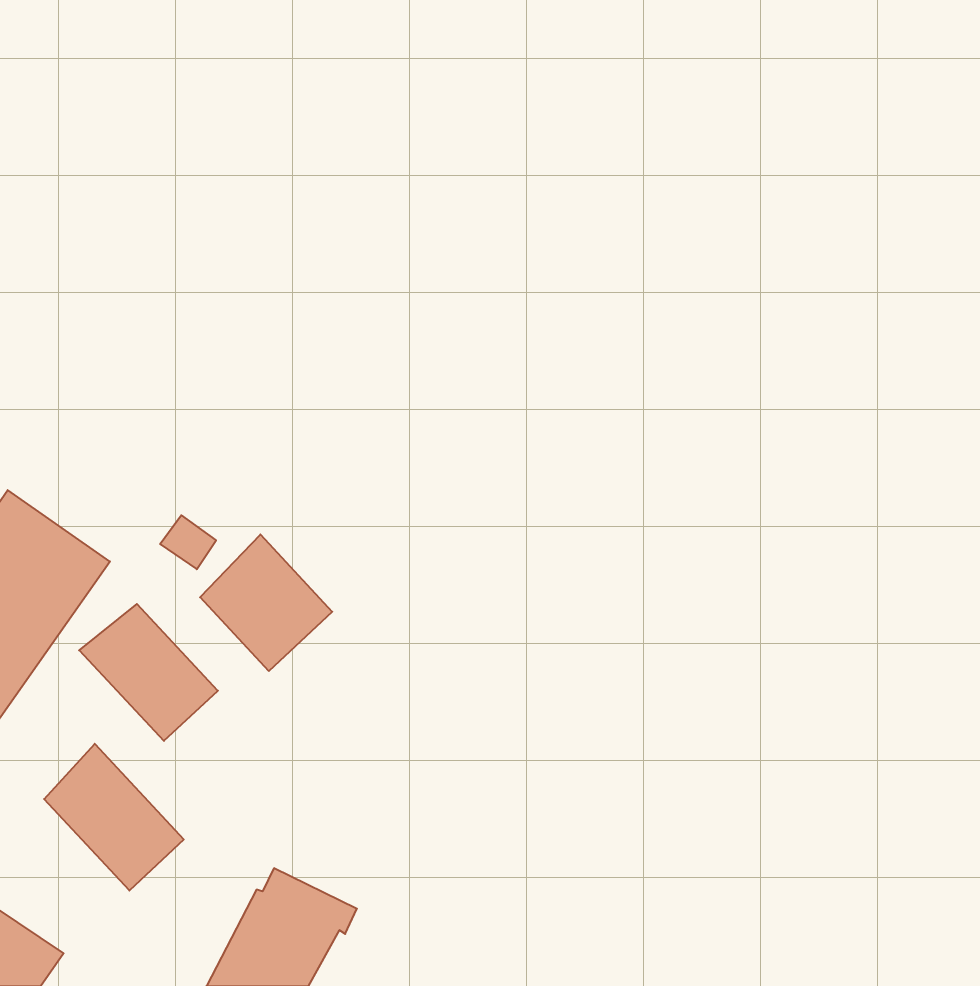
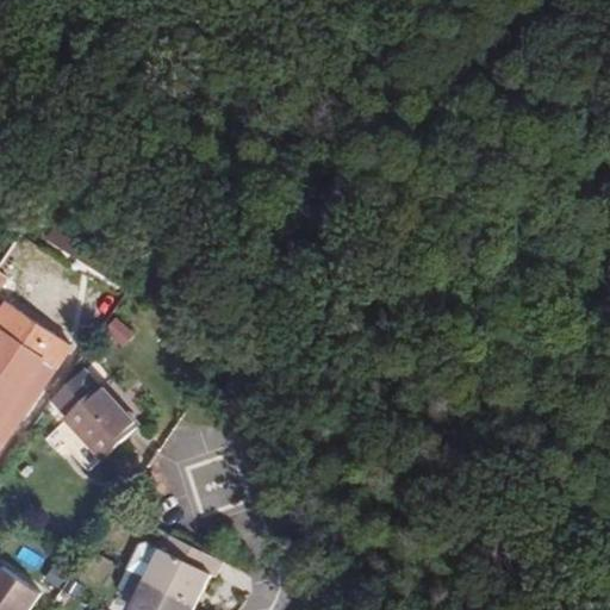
building: [200,534,332,671] -> none
building: [44,744,184,891] -> none

